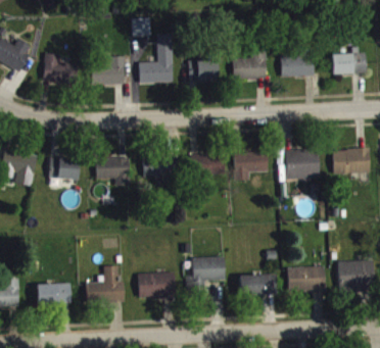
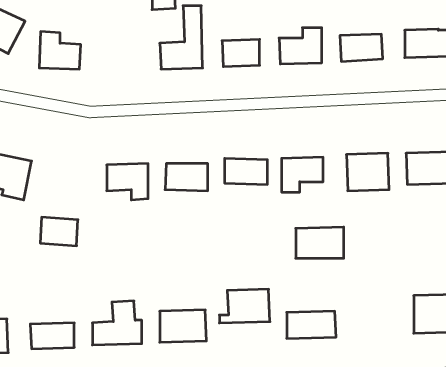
building: [91,56,125,85] -> none
building: [49,157,79,180] -> [40,217,78,246]
building: [288,266,326,291] -> [296,227,344,258]

